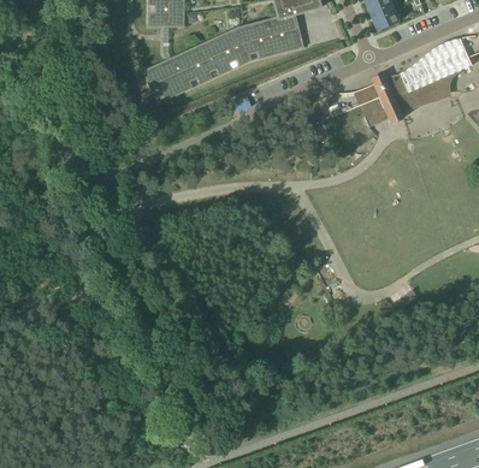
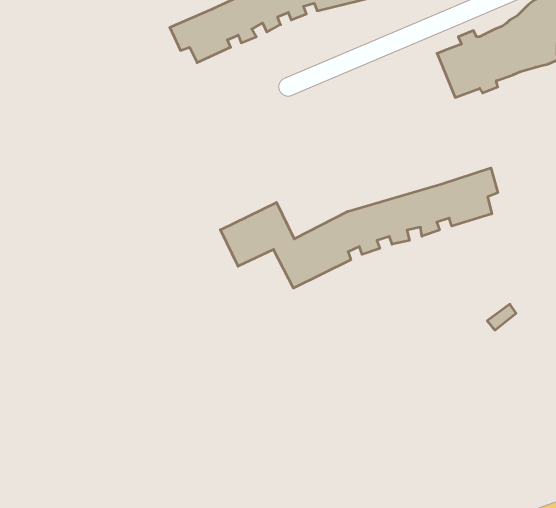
building: none -> [220,168,498,288]

